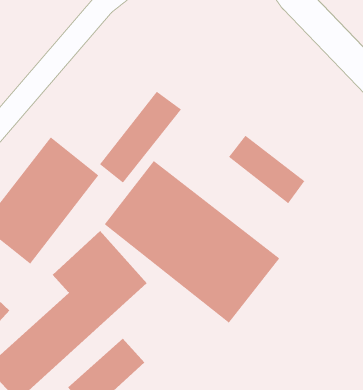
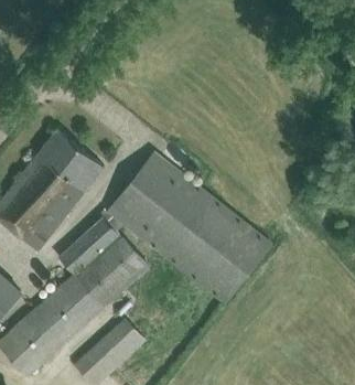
building: [99,91,182,183] -> none
building: [228,135,305,204] -> none

